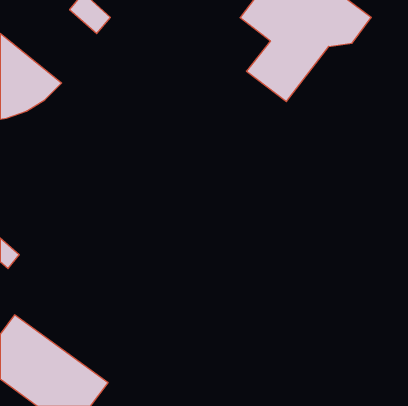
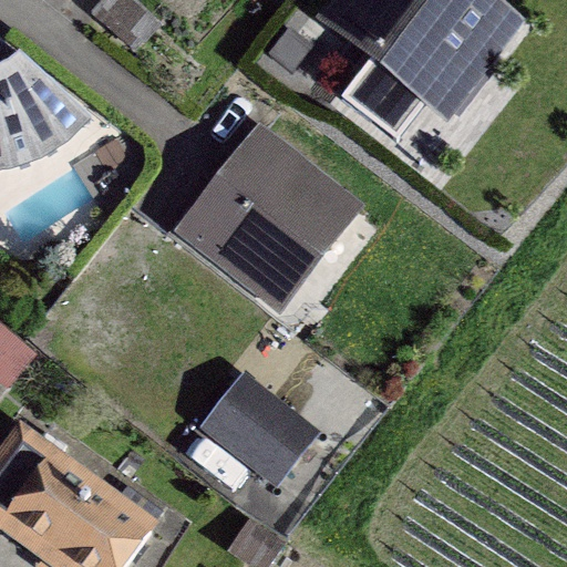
building: none -> [185,135,355,296]
building: none -> [210,383,311,480]

